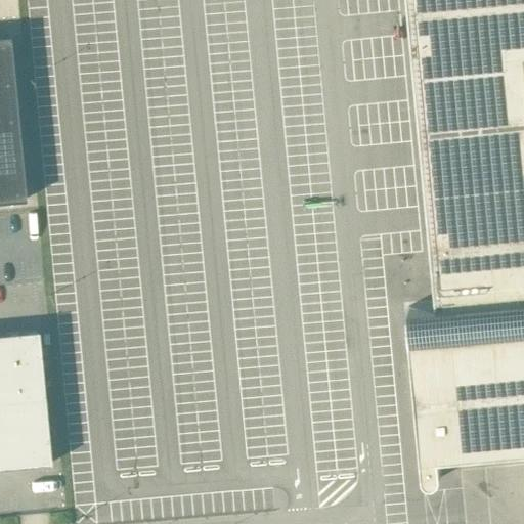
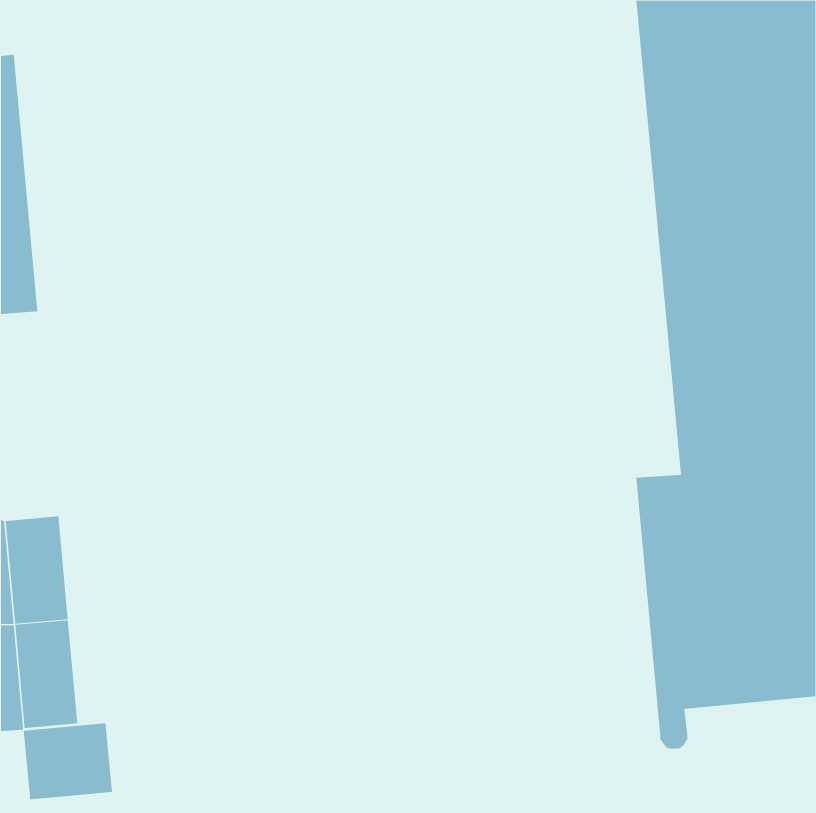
building: none -> [23,722,113,800]

